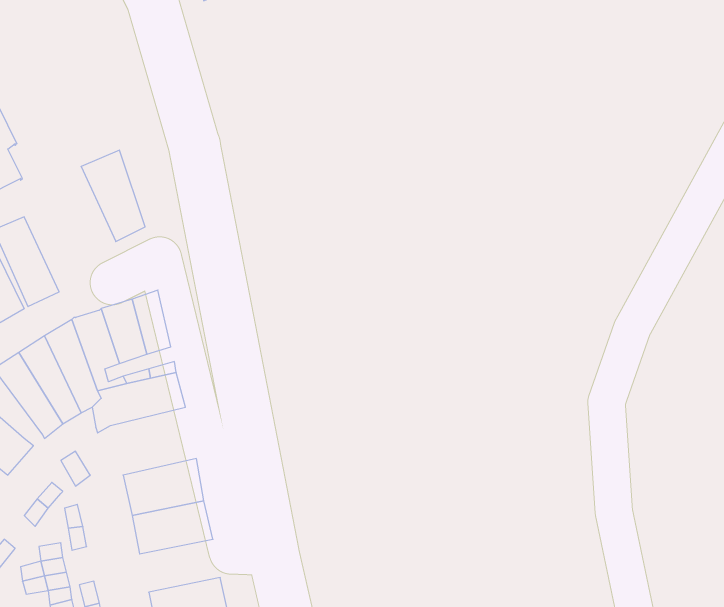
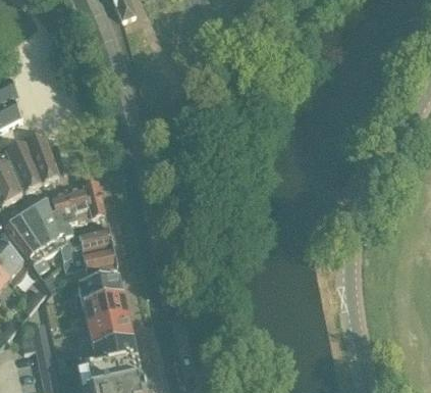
building: [81,150,145,242] -> [21,132,57,183]
building: none -> [61,247,116,277]
building: none -> [86,321,130,350]

